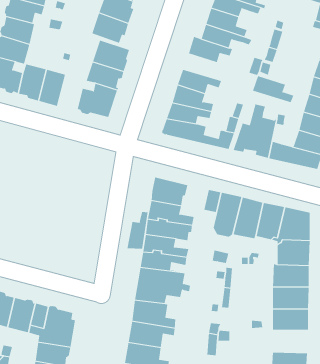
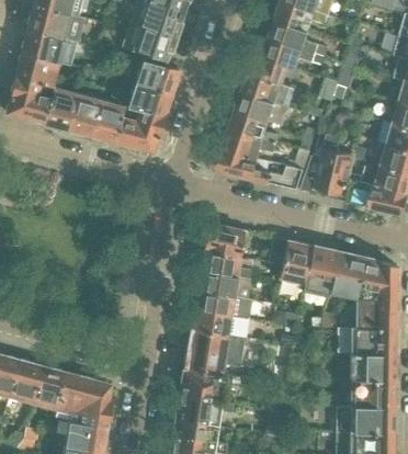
building: none -> [91,99,124,140]
building: [252,75,294,103] -> [241,73,292,106]
building: [127,211,148,249] -> none
building: none -> [336,406,393,433]

